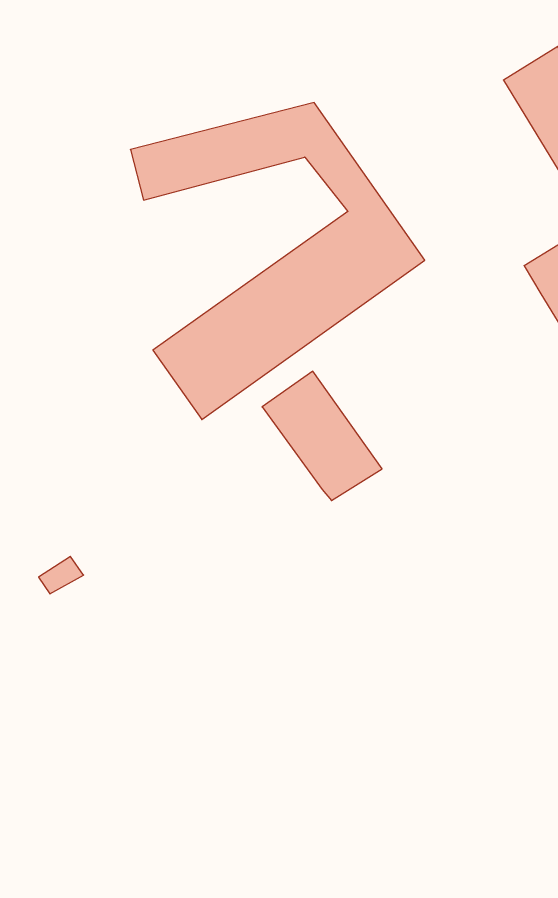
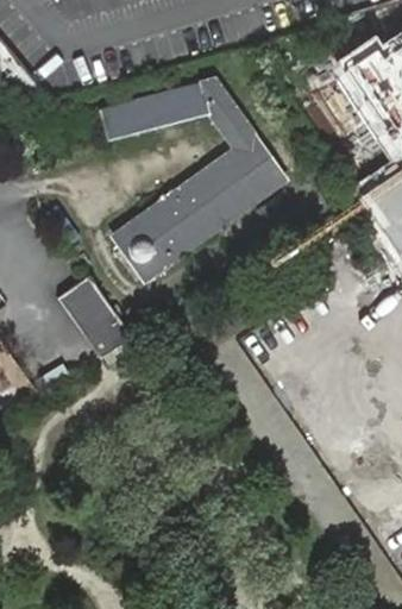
building: [262,371,382,501] -> [57,276,133,358]

